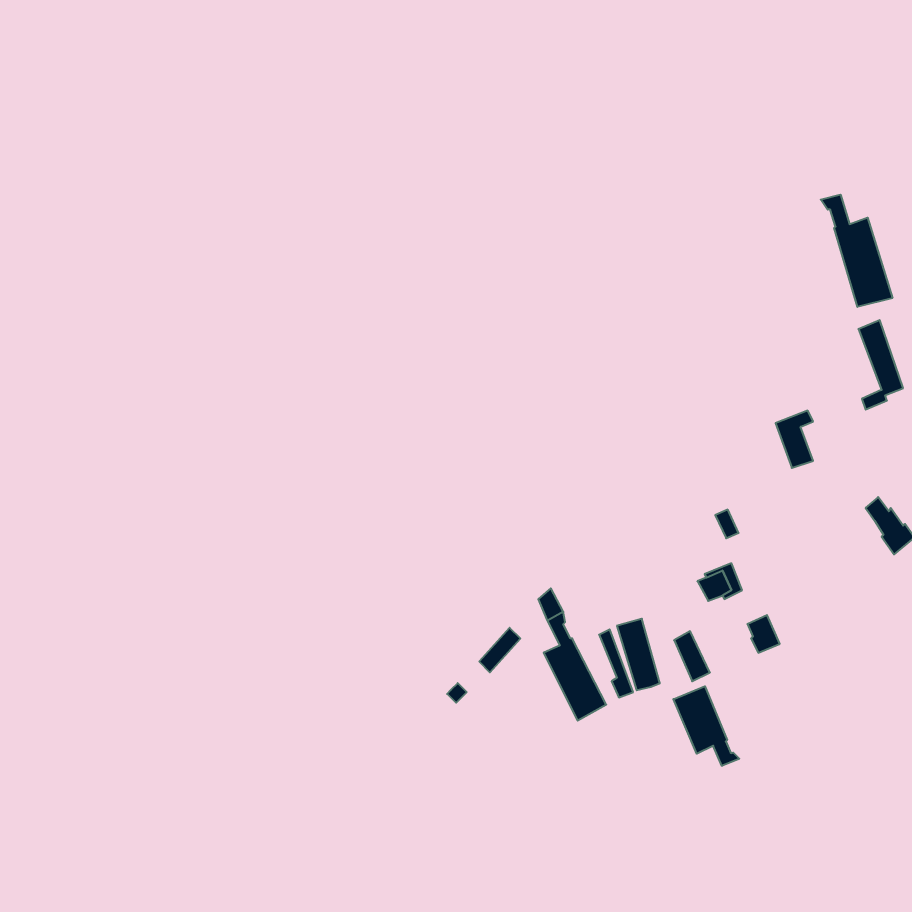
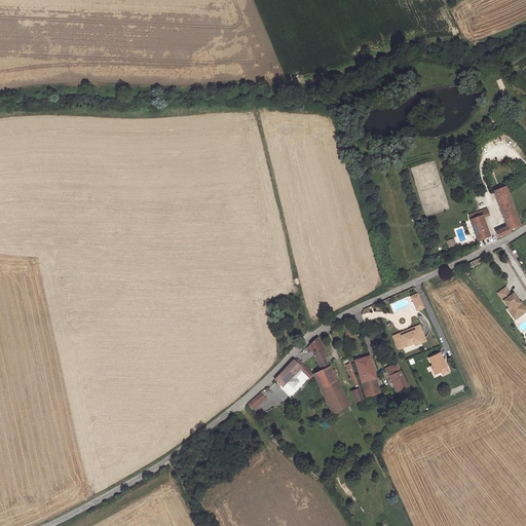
building: [821,195,892,307] -> none
building: [776,411,813,468] -> [468,205,490,238]
building: [673,686,739,766] -> none

